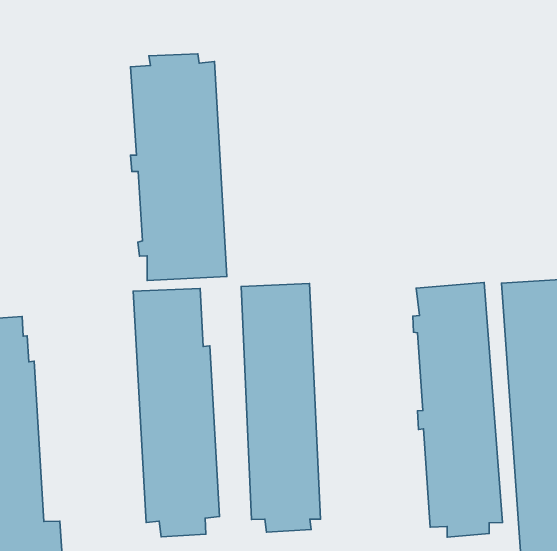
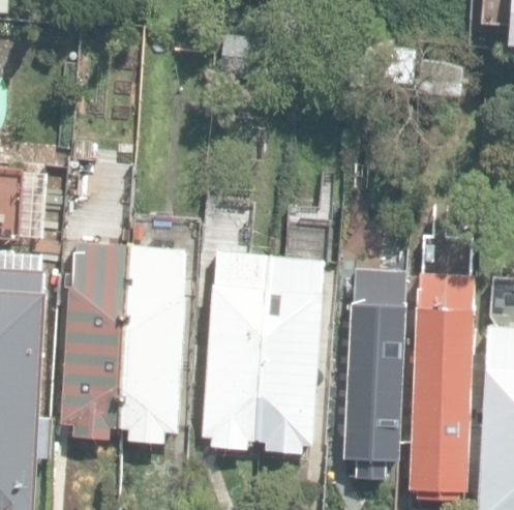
building: [130,54,227,281] -> none
building: none -> [256,257,323,452]
building: none -> [60,243,131,440]

